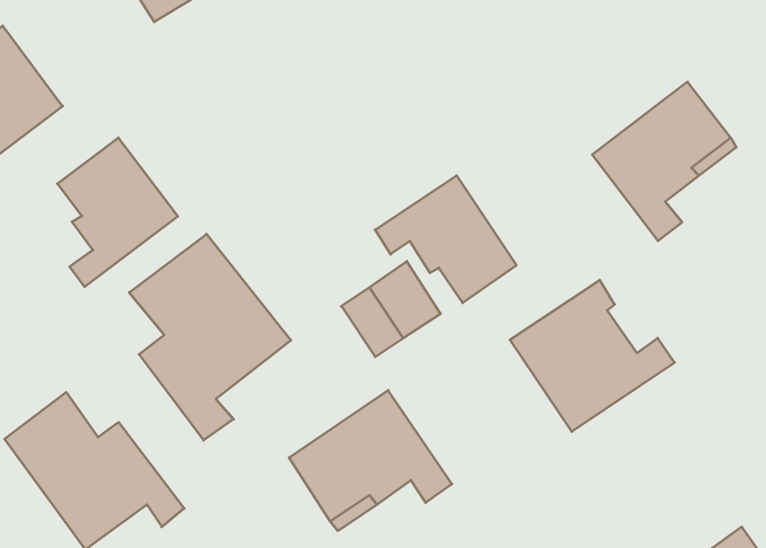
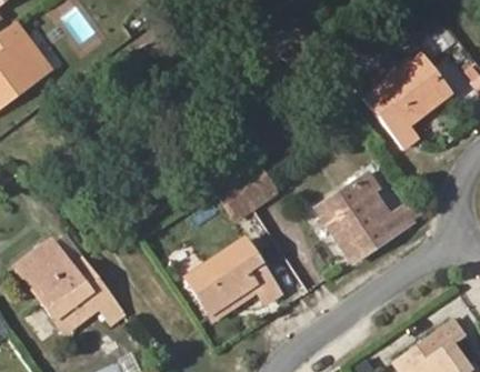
building: [57,138,178,287] -> none
building: [375,176,516,303] -> none
building: [129,234,291,440] -> none

